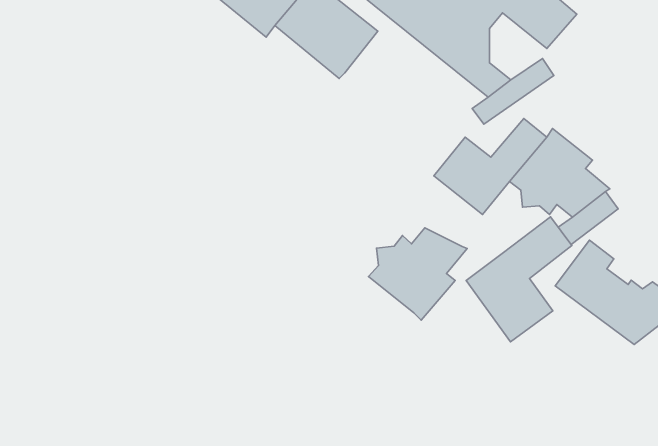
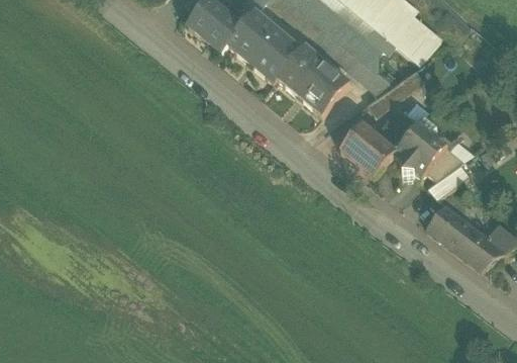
building: none -> [277,46,349,116]
building: [466,217,572,342] -> none
building: [369,228,467,320] -> none

